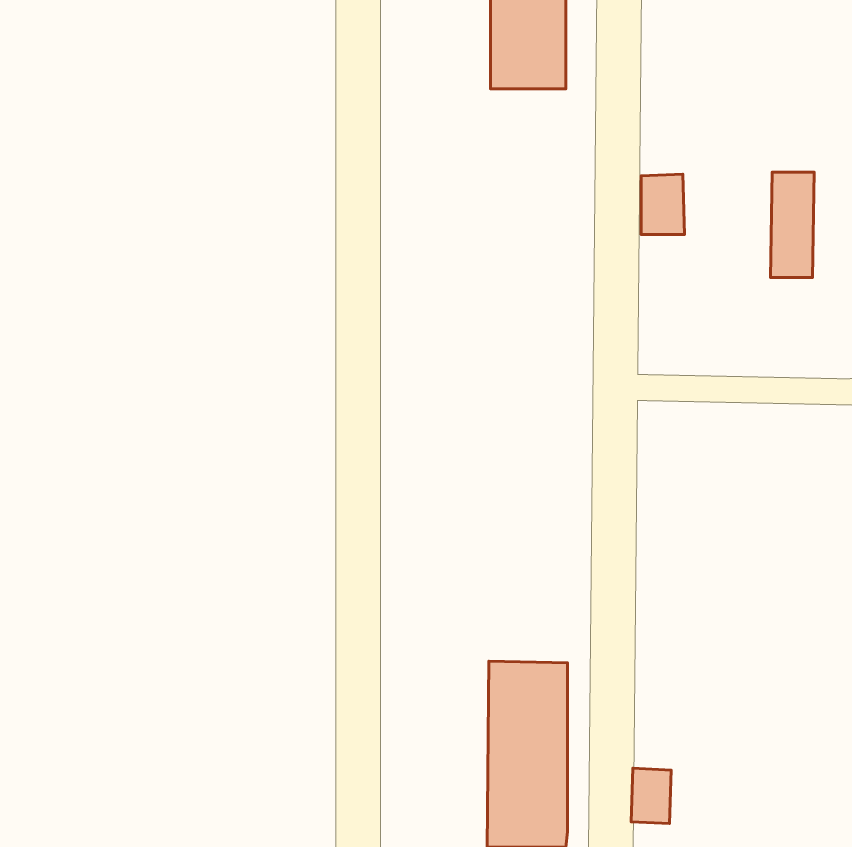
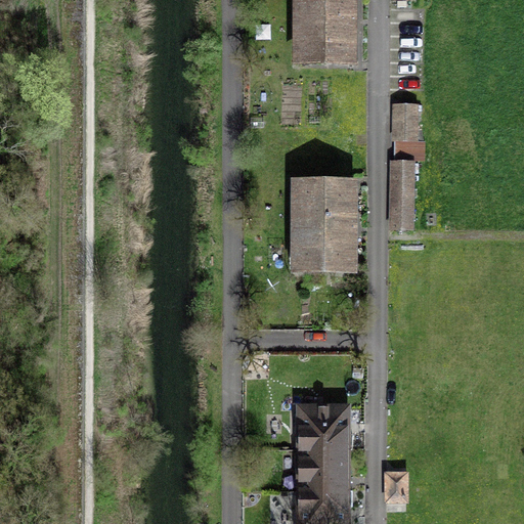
building: [771,172,814,278] -> [390,164,417,228]
building: none -> [299,182,347,265]

